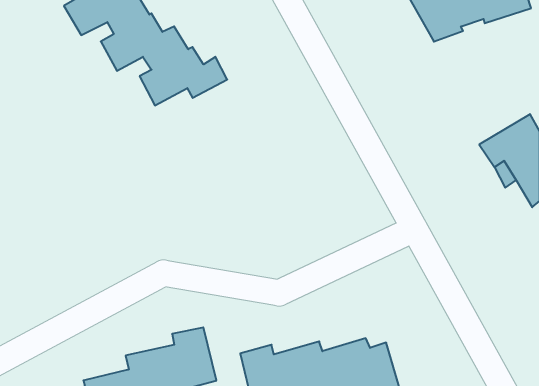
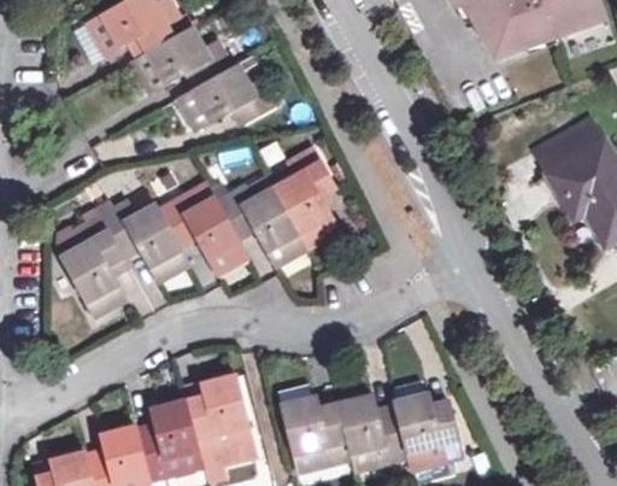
building: none -> [535,117,605,172]
building: none -> [54,144,330,315]

